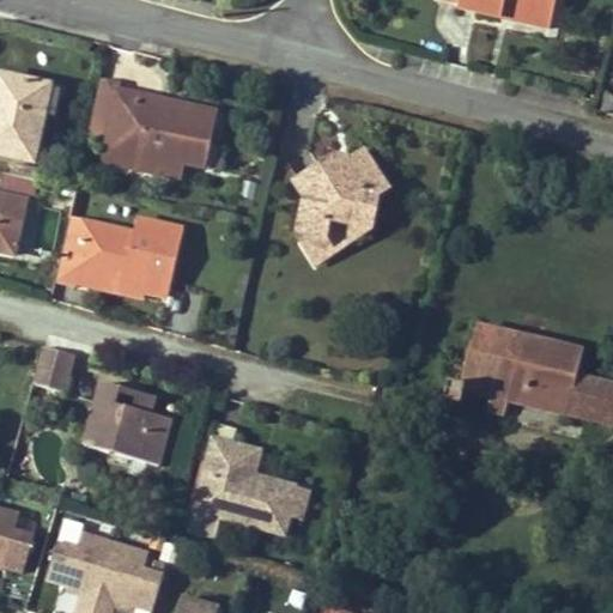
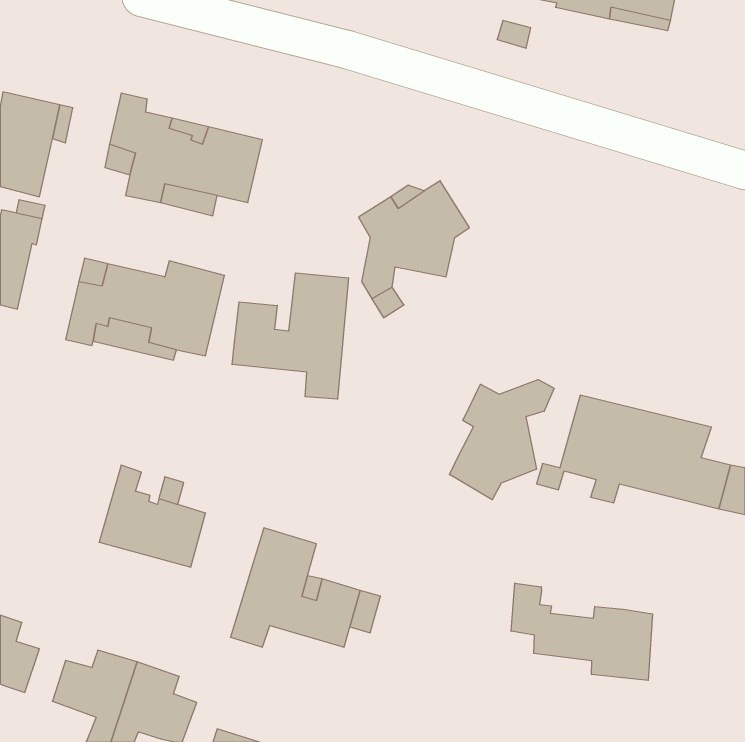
building: none -> [232,273,348,399]
building: none -> [449,380,554,500]
building: [30,346,78,395] -> none
building: none -> [511,583,652,680]

